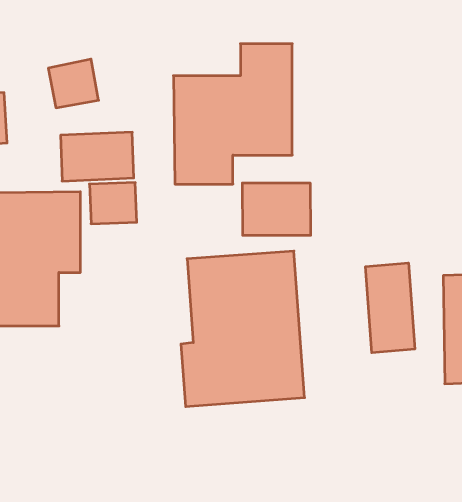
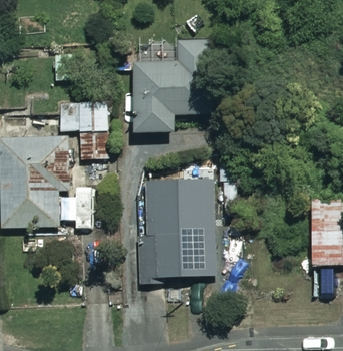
building: [242,183,311,235] -> none
building: [366,263,415,353] -> none

